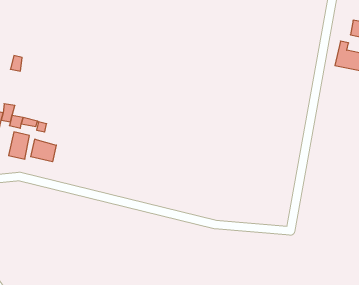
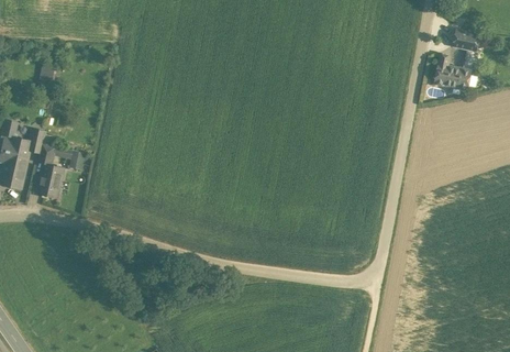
building: [31,139,56,162] -> none

